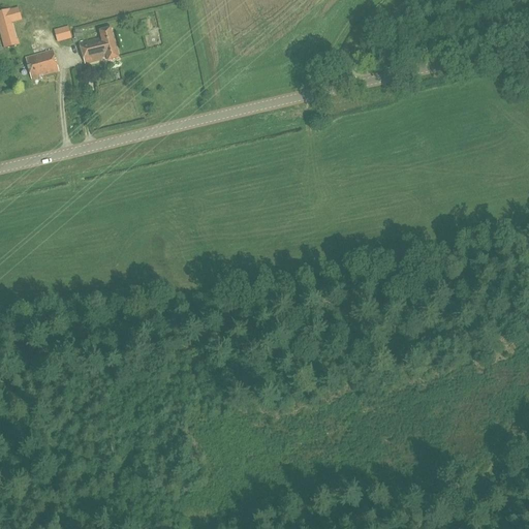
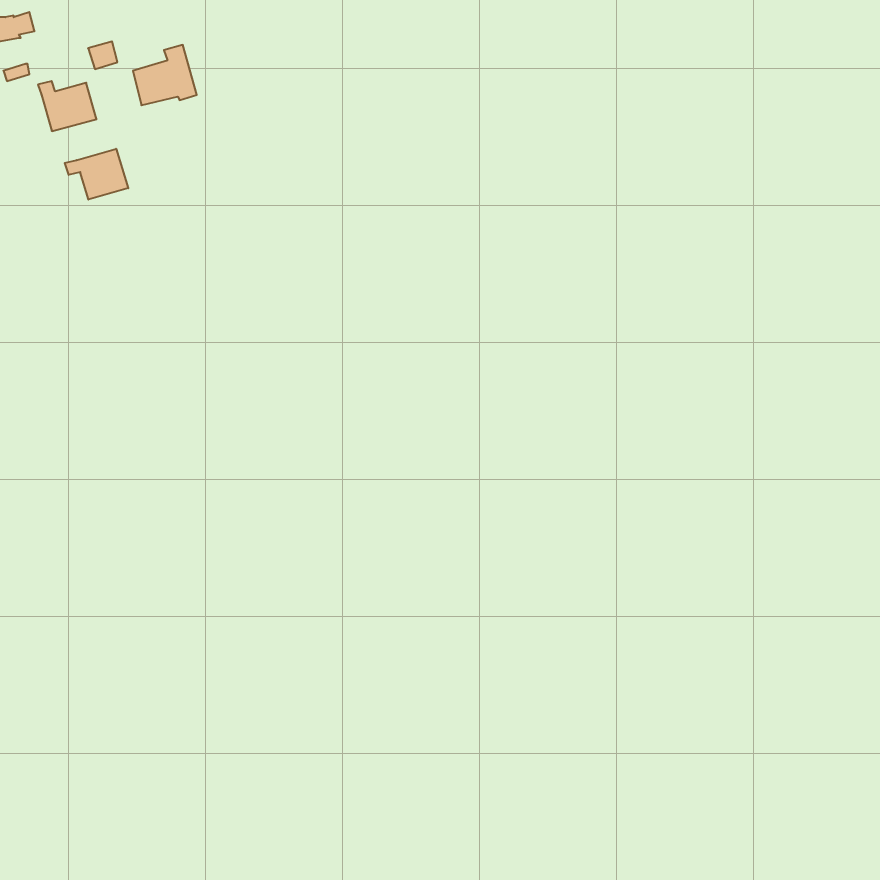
building: none -> [65,149,128,200]

